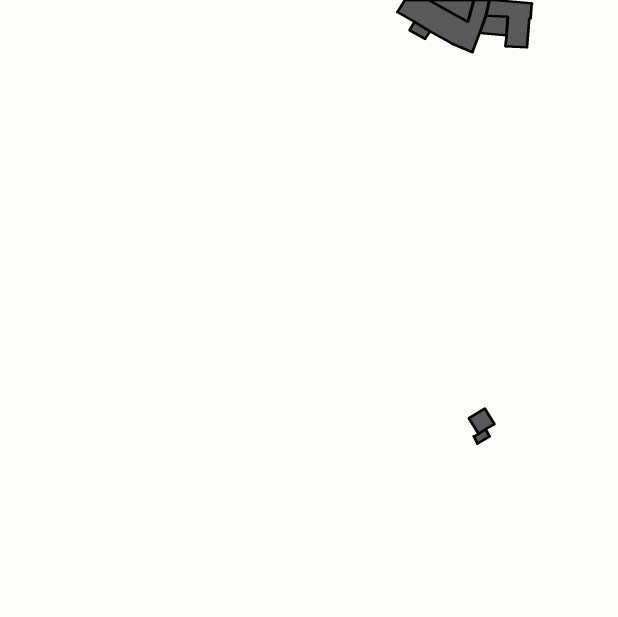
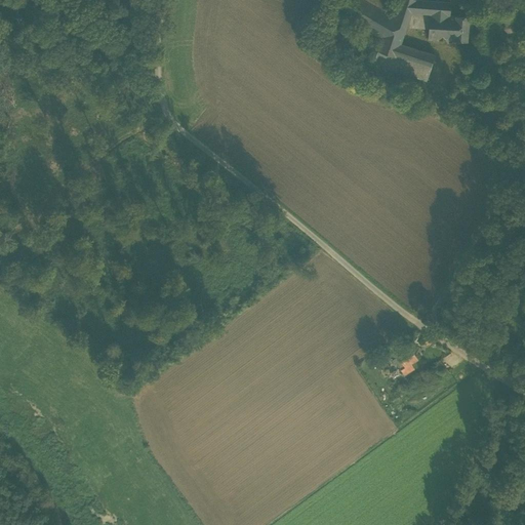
building: none -> [447,17,470,44]
building: none -> [374,39,436,83]

